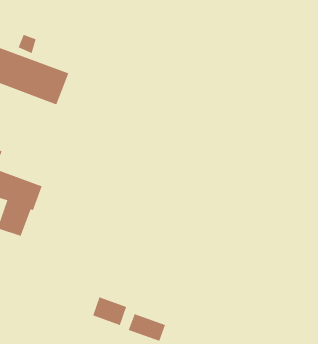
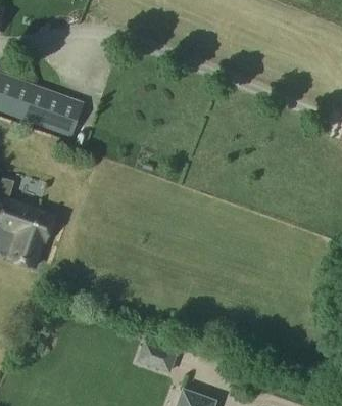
building: [92,297,127,326] -> none

